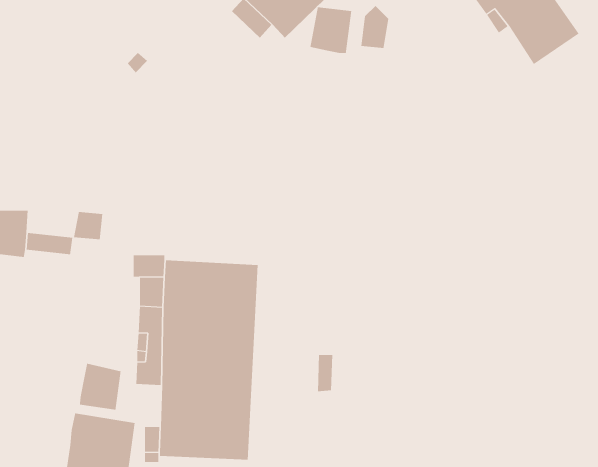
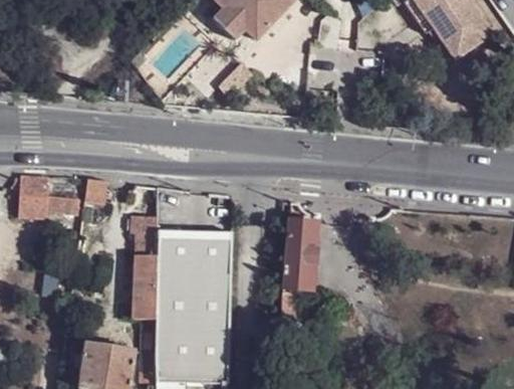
building: [310,6,352,54] -> none
building: none -> [282,223,313,288]
building: [79,363,121,410] -> none

